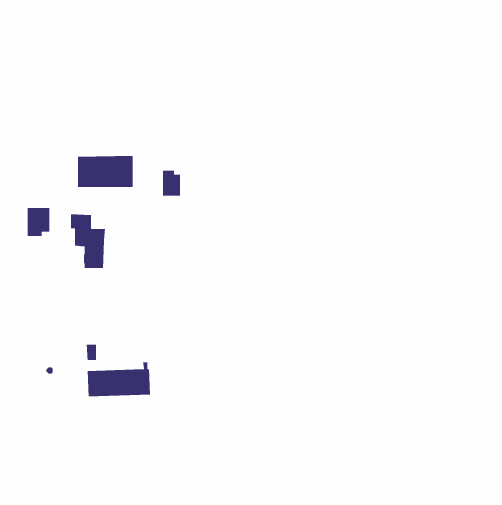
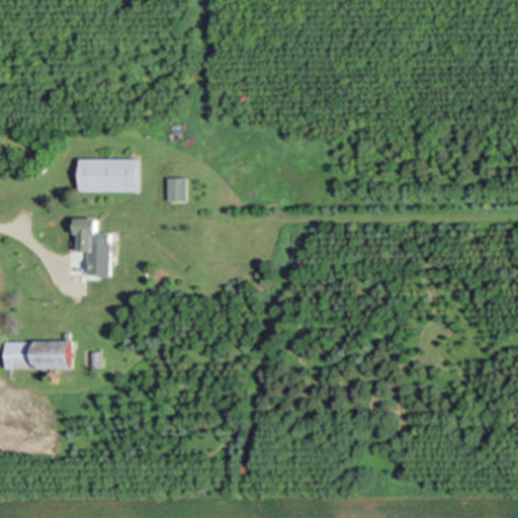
building: [27,207,50,237] -> none
building: [87,362,151,397] -> [4,334,70,370]

